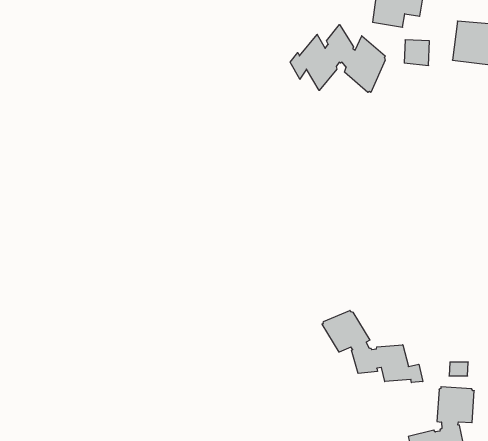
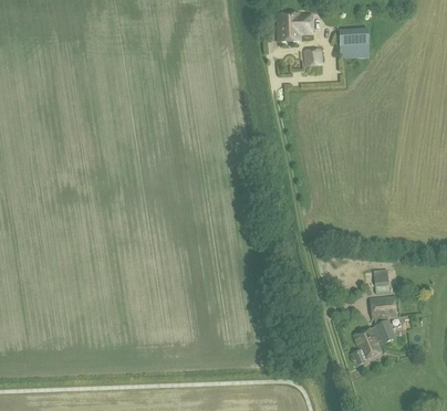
building: [290,25,385,92] -> none
building: [322,310,423,383] -> none

